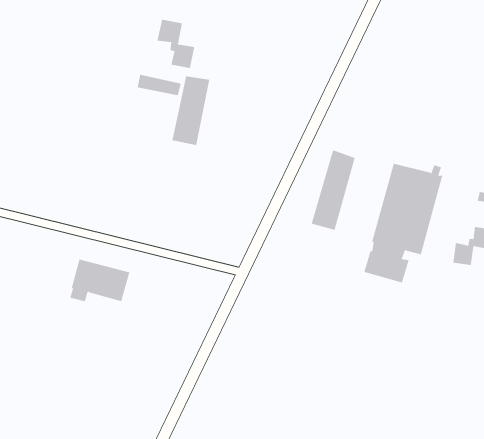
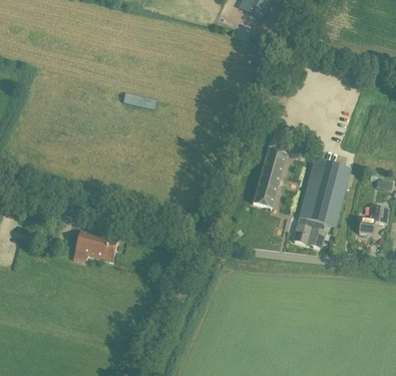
building: [157,19,195,69] -> none
building: [172,75,210,146] -> none

